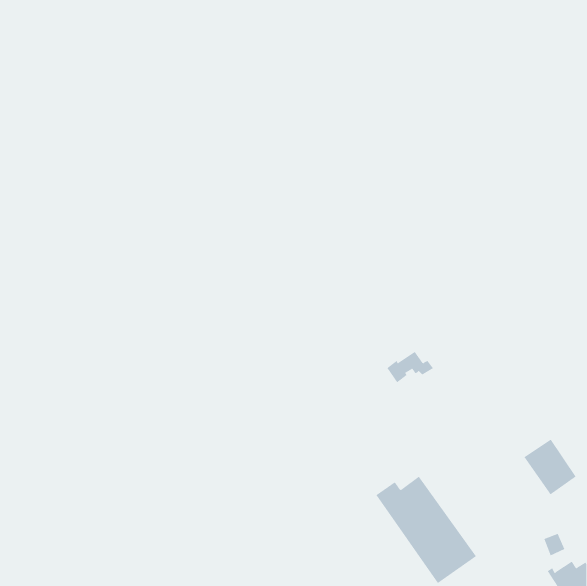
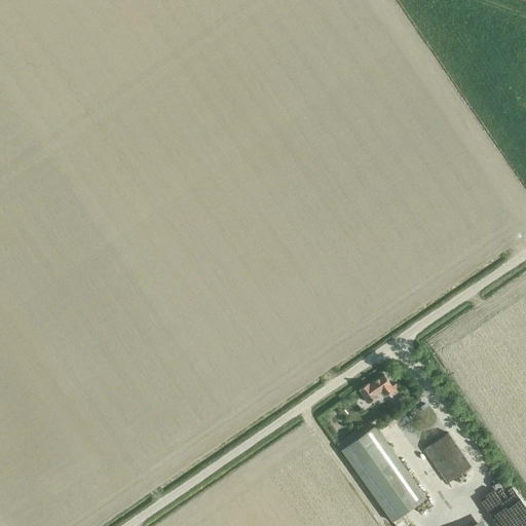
building: [387,351,434,383] -> [359,376,401,405]
building: [524,439,576,495] -> [423,434,471,484]

